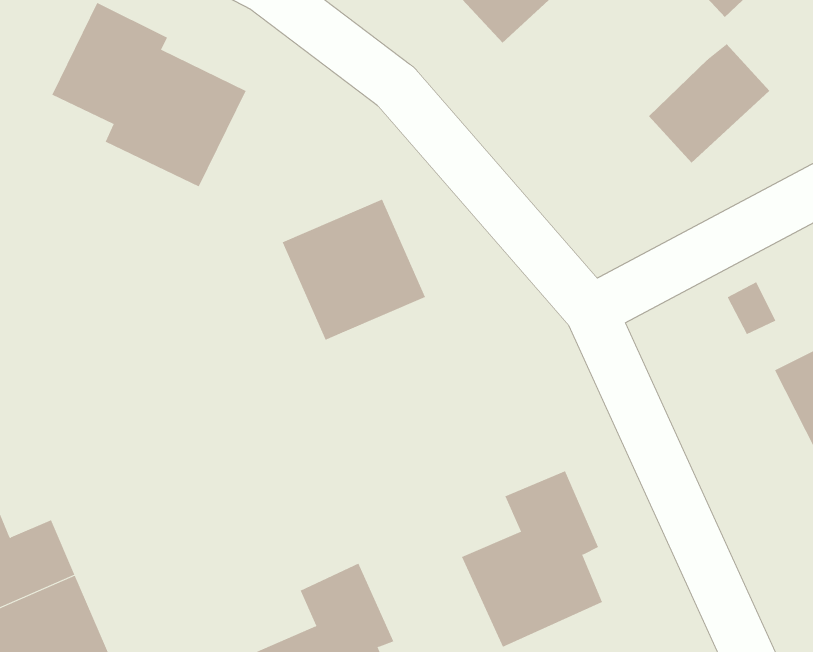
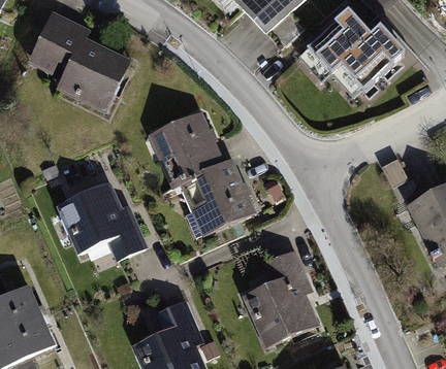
building: none -> [308,15,372,78]
building: none -> [181,161,256,236]
building: none -> [58,184,150,263]

